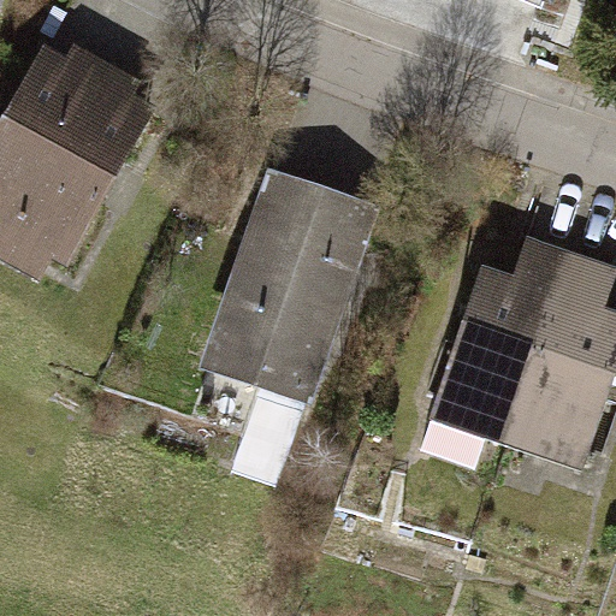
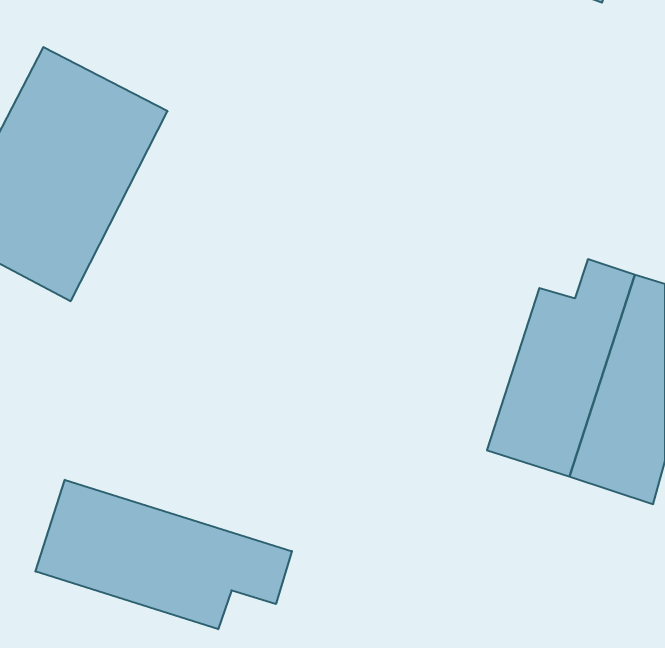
building: [197,170,369,473] -> none
building: none -> [35,480,292,629]

